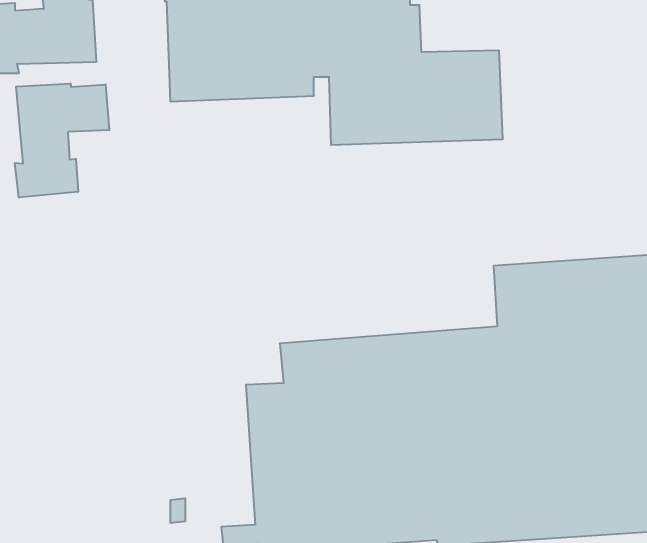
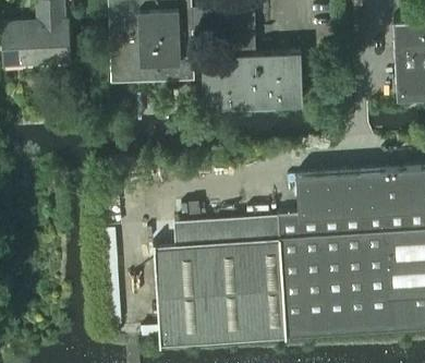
building: [15,83,109,198] -> none

